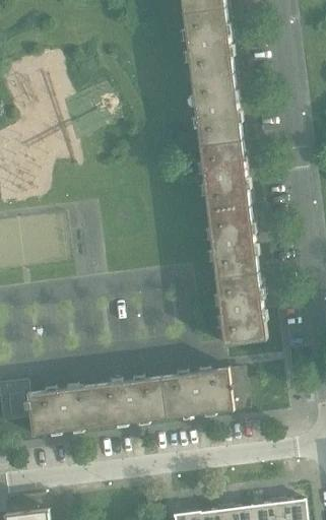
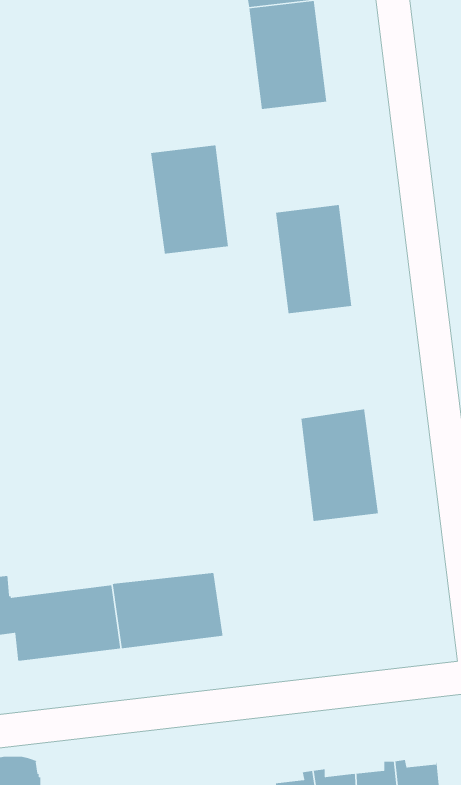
building: [190,74,241,145] -> [150,145,229,255]
building: [207,206,257,278] -> none
building: [159,368,246,419] -> none

